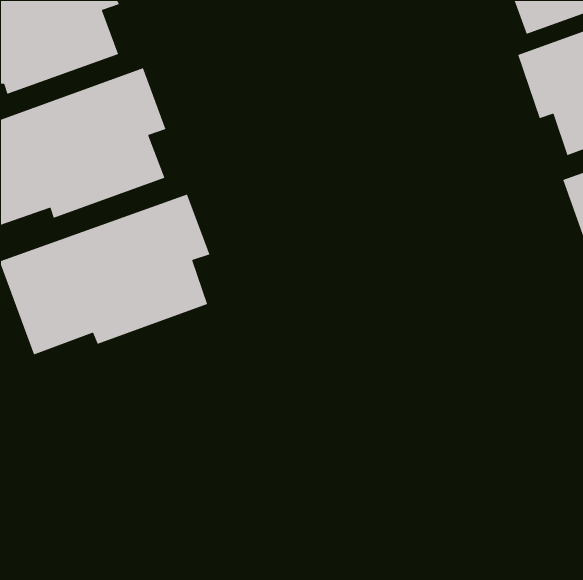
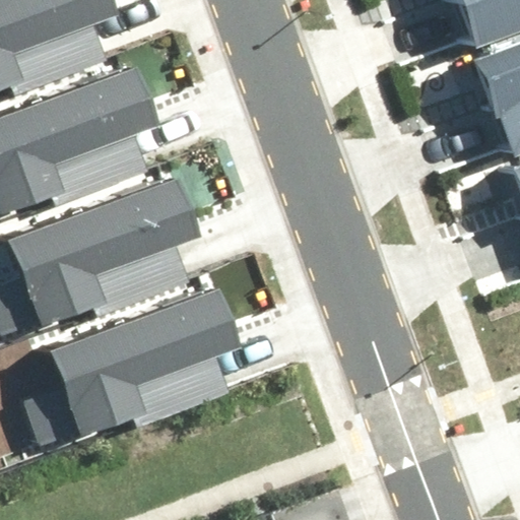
building: none -> [44,289,230,433]

